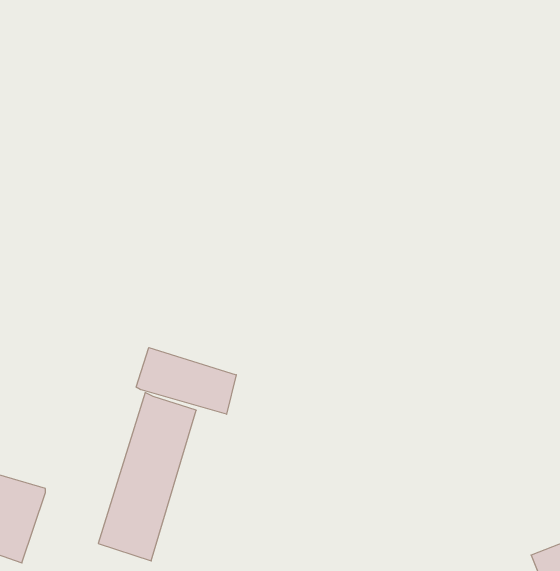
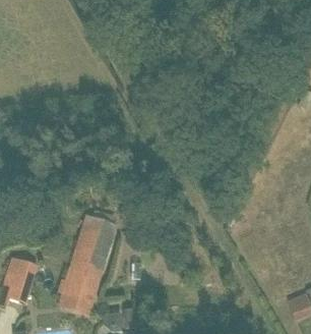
building: [136,348,236,414] -> none

